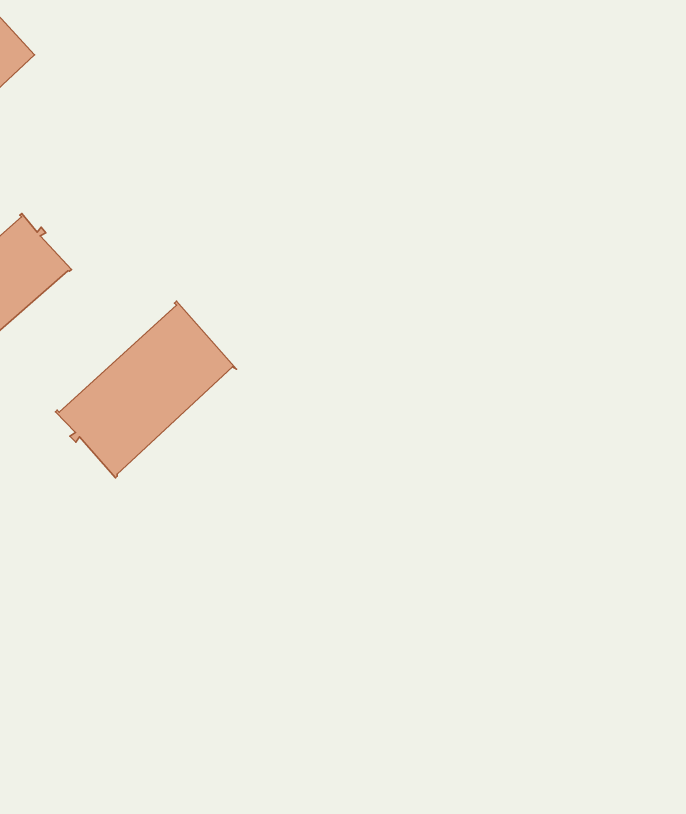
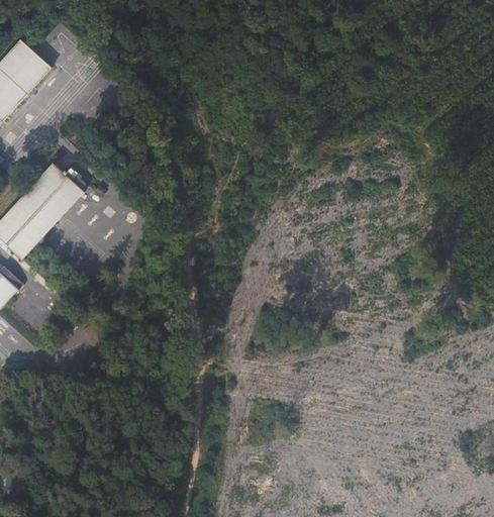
building: [56,301,236,478] -> none

